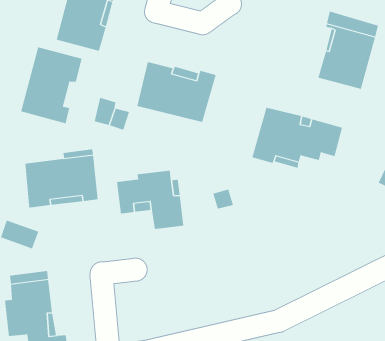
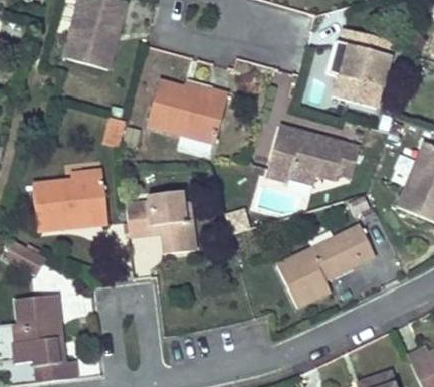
building: [20,47,82,124] -> none
building: none -> [276,223,374,307]

